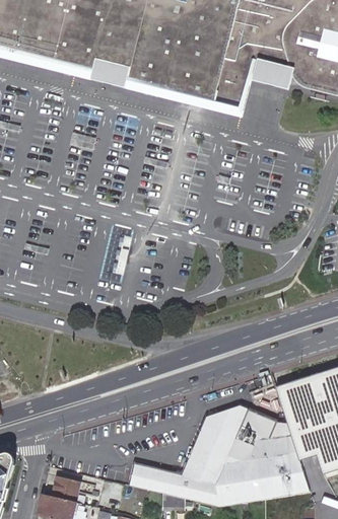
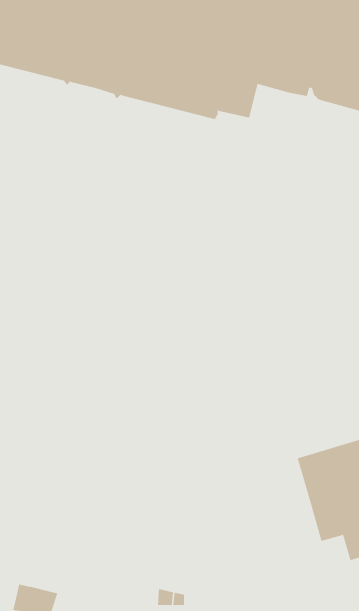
building: [130,403,310,505] -> none
building: [53,474,83,501] -> none

